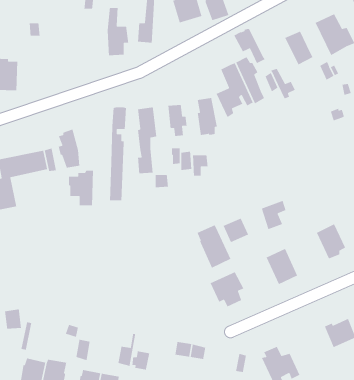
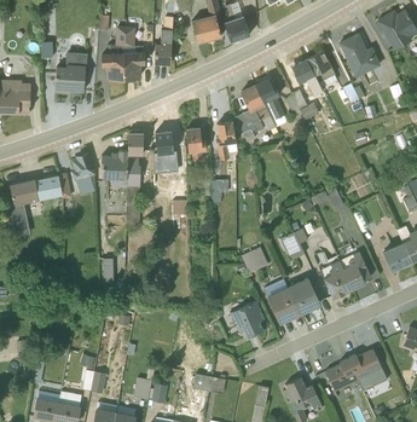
building: none -> [102,27,126,80]
building: [233,28,266,64] -> [290,59,324,97]
building: none -> [54,52,87,93]
building: [68,170,94,206] -> [102,151,128,189]
building: [196,224,231,269] -> [265,279,301,325]
building: none -> [319,261,353,299]
building: none -> [325,358,358,392]

